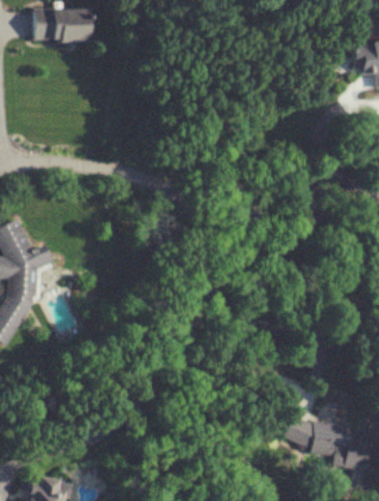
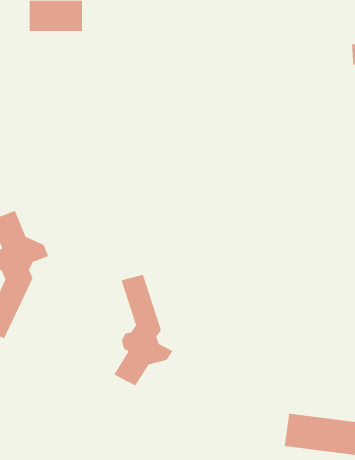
building: none -> [113,274,173,386]

